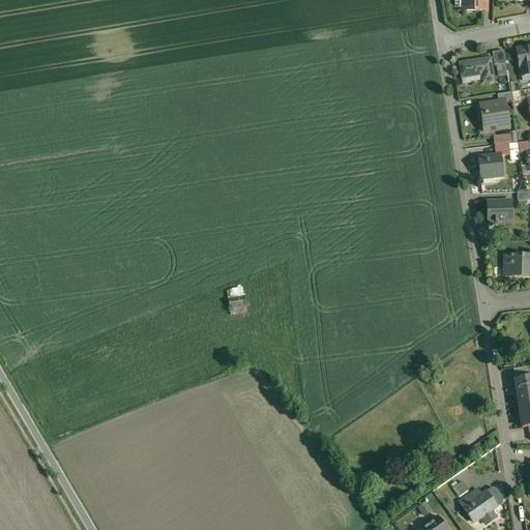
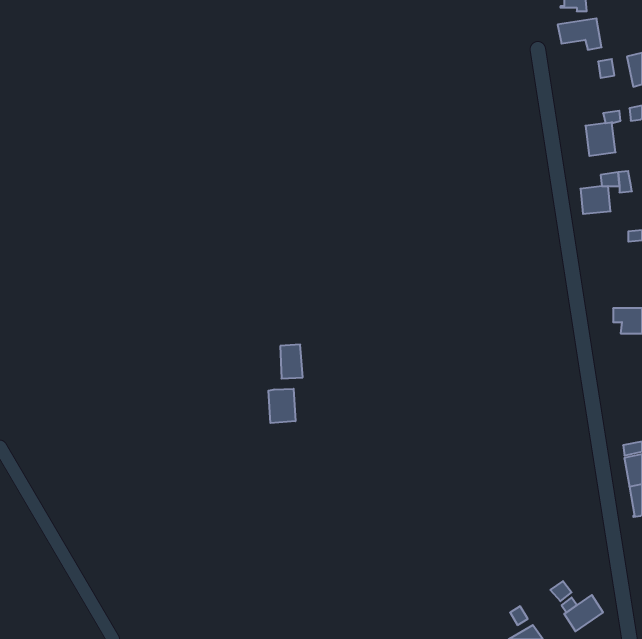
building: [459,56,495,82] -> [558,18,602,50]
building: [487,199,512,222] -> none
building: none -> [268,389,295,423]

